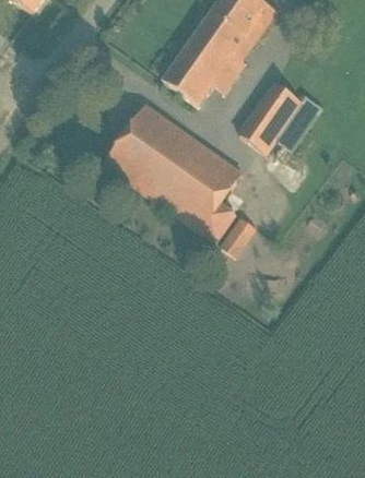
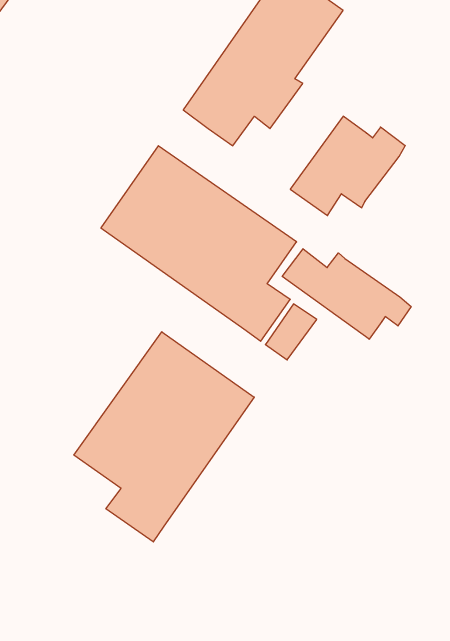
building: none -> [282,249,411,339]
building: none -> [74,332,254,542]

